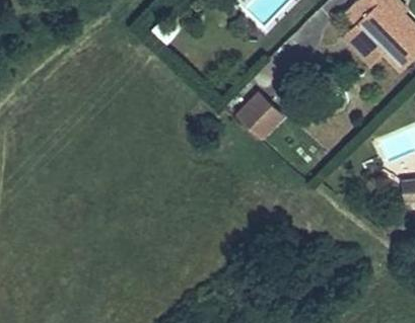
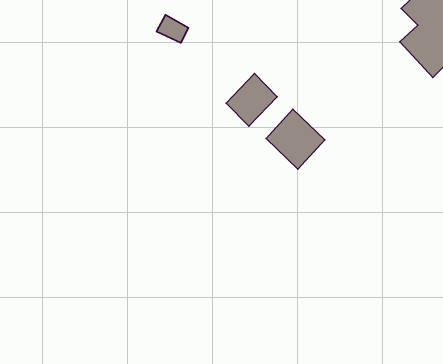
building: none -> [226,74,277,126]

